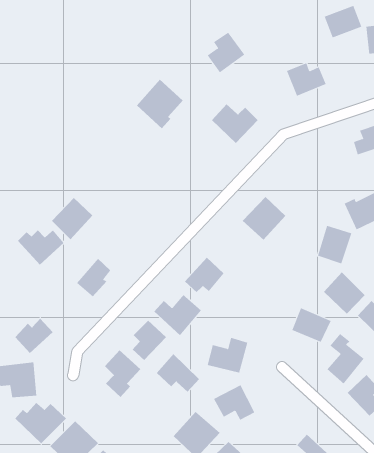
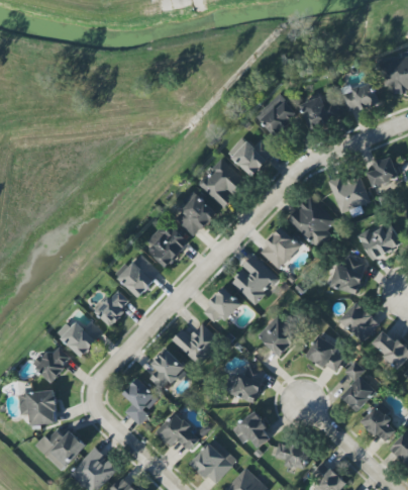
building: [324,5,362,38] -> [341,80,379,112]
building: [207,32,245,73] -> [261,95,298,135]
building: [136,79,183,129] -> [198,159,244,208]
building: none -> [327,175,369,217]
building: none -> [175,194,216,236]
building: none -> [287,196,334,249]
building: none -> [142,226,189,268]
building: [51,197,93,240] -> [118,255,160,297]
building: none -> [229,257,277,305]
building: [17,229,65,266] -> [57,321,103,357]
building: none -> [257,315,298,357]
building: [156,353,200,392] -> [157,412,200,451]
building: none -> [275,442,309,470]

